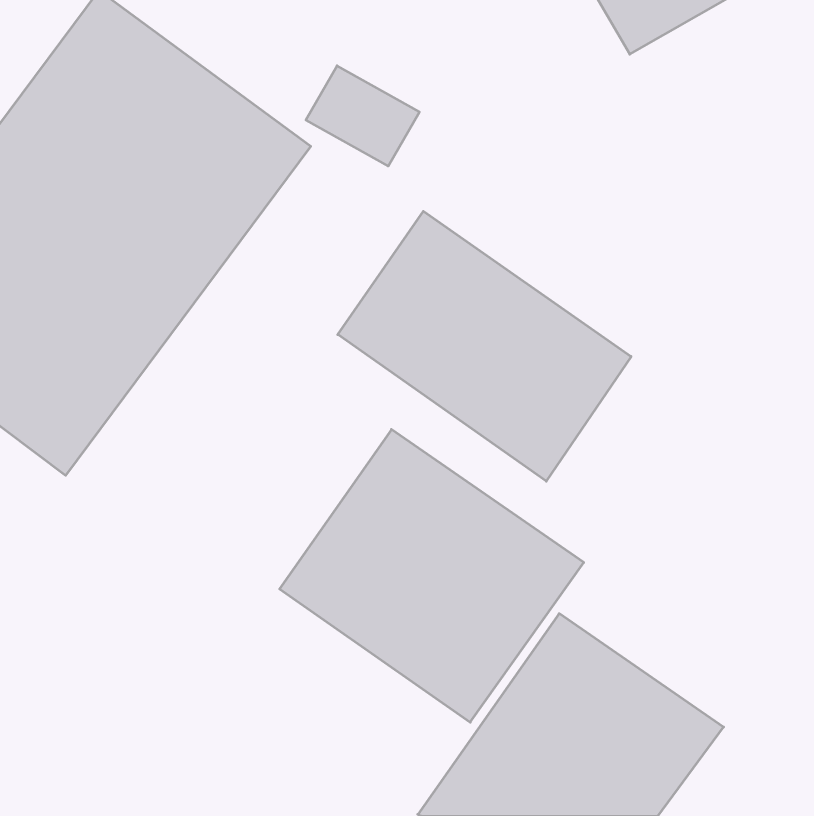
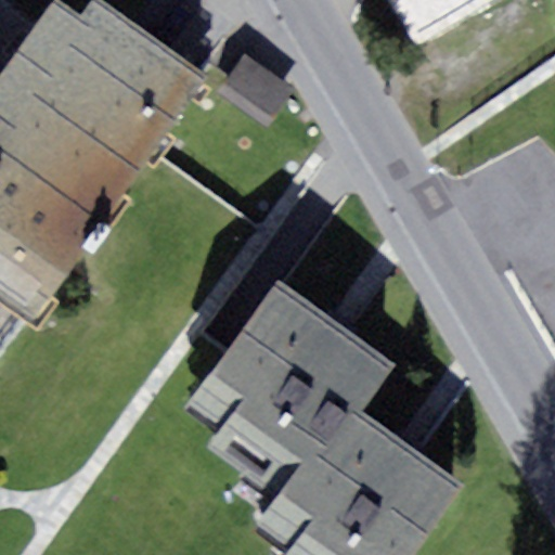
building: [338,211,631,481] -> none

